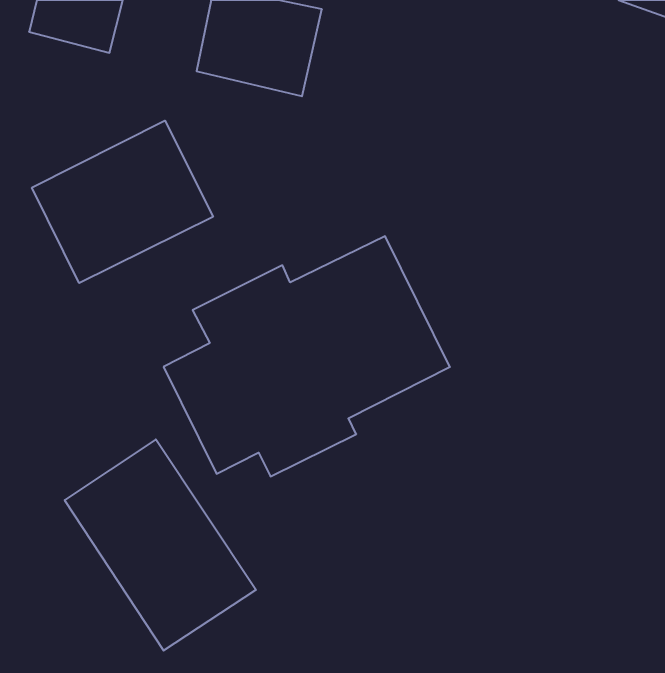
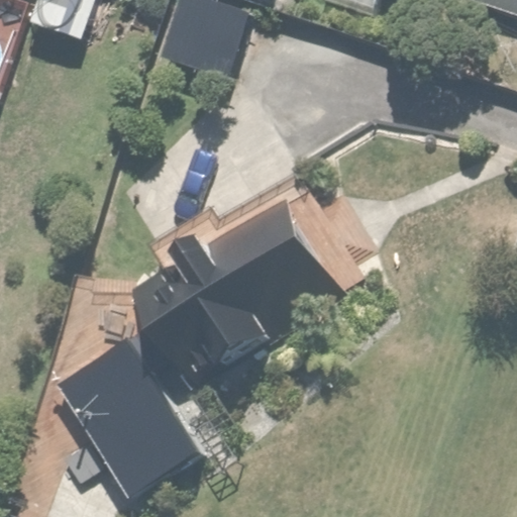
building: [32,121,213,283] -> none

